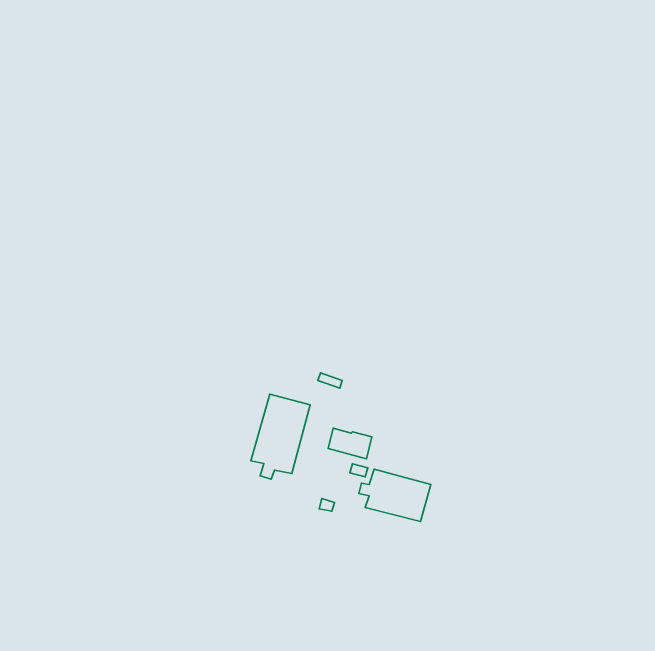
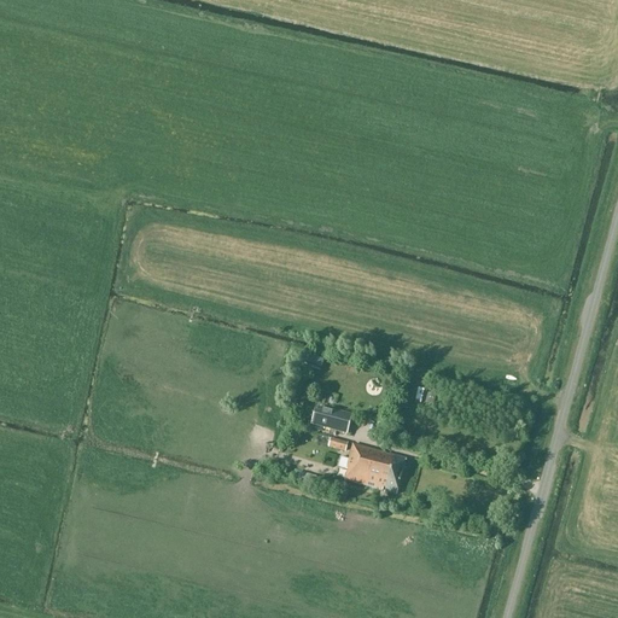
building: [251,394,310,479] -> none

